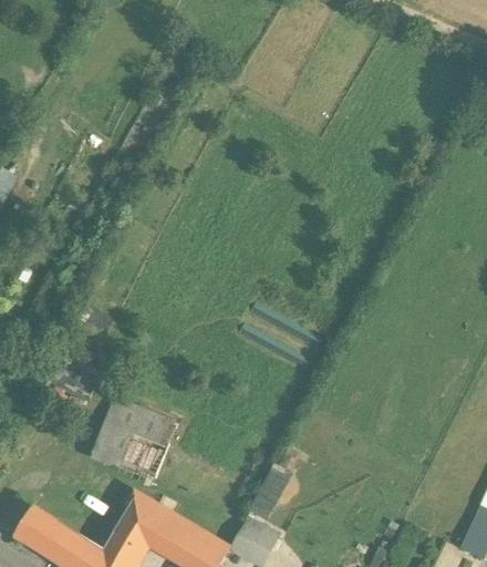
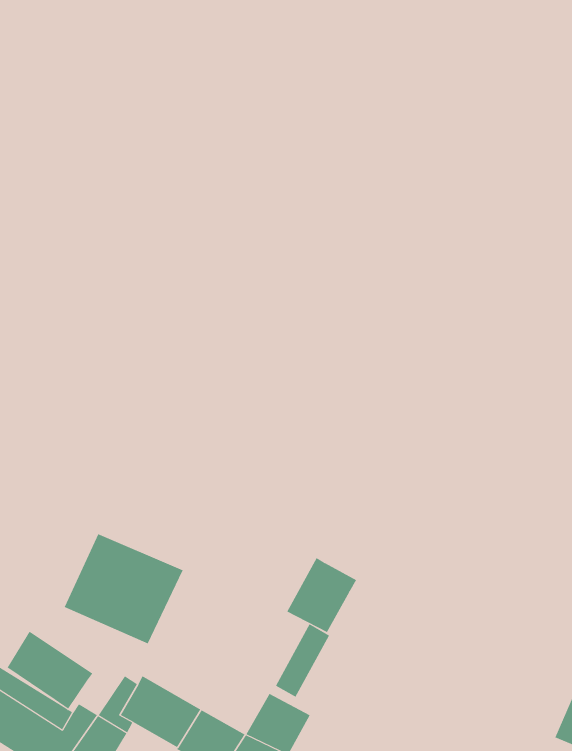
building: none -> [287,557,357,633]
building: none -> [7,631,93,710]

